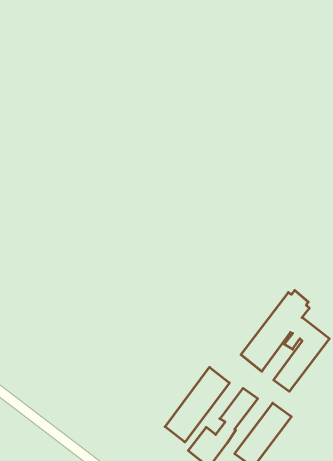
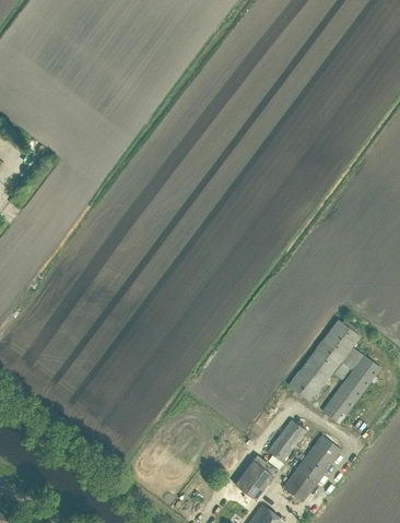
building: [165,367,229,442] -> none

